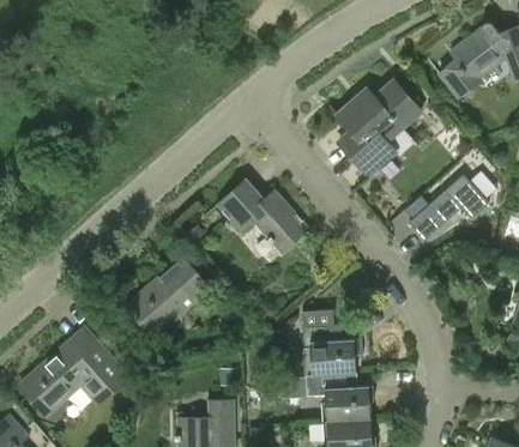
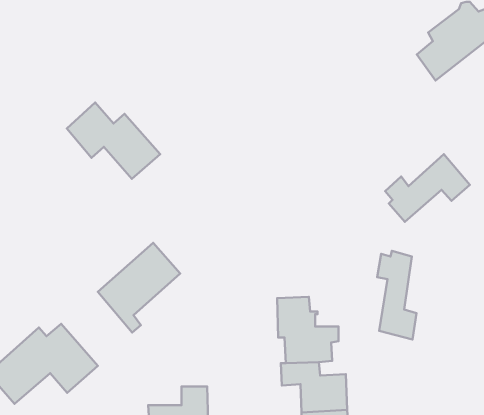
building: [337,81,420,176] -> none
building: [217,179,308,253] -> [67,103,160,179]
building: none -> [377,251,416,339]

